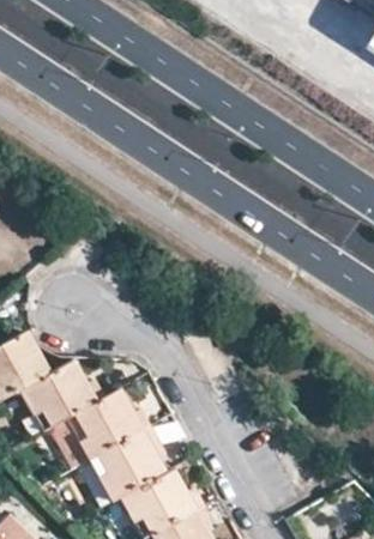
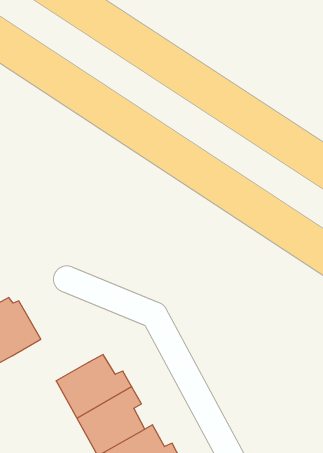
building: [19,364,103,434] -> none

